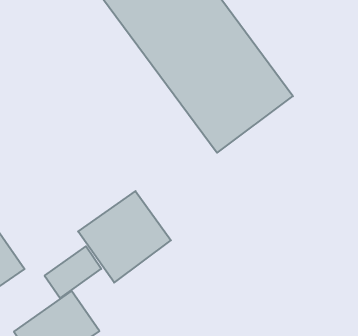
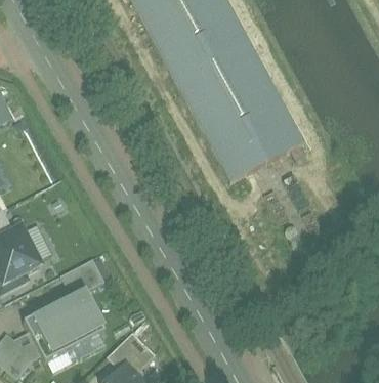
building: [78,191,171,283] -> none

